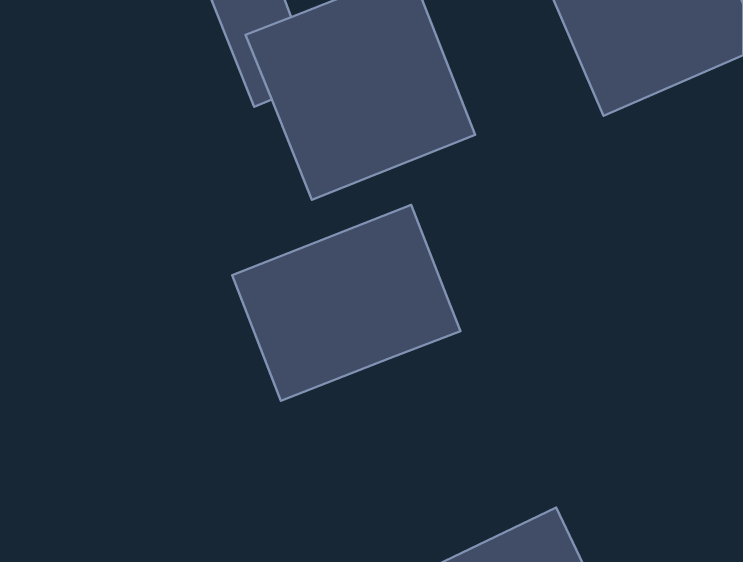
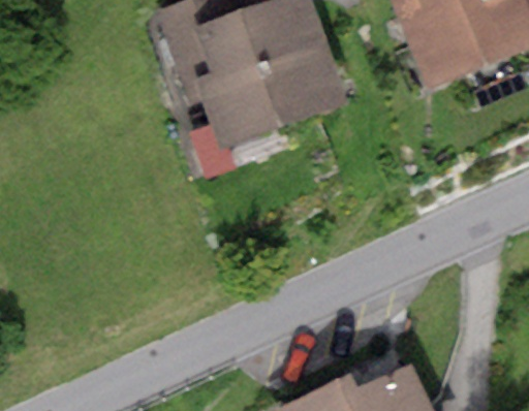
building: [232,205,461,401] -> none

